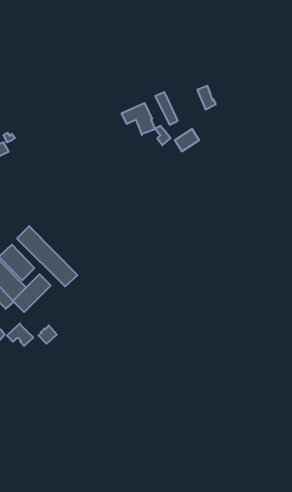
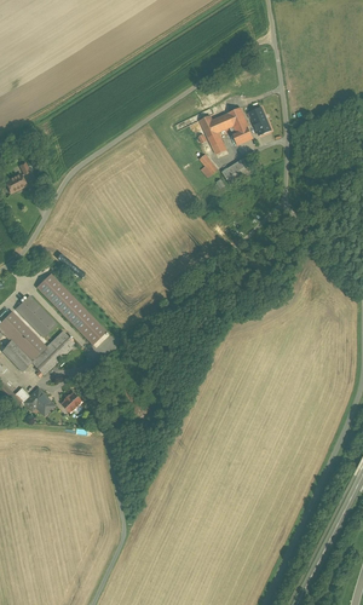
building: [121,103,155,135] -> [213,108,253,145]

